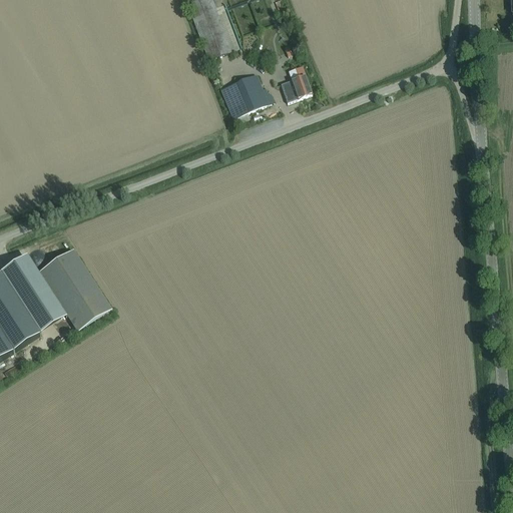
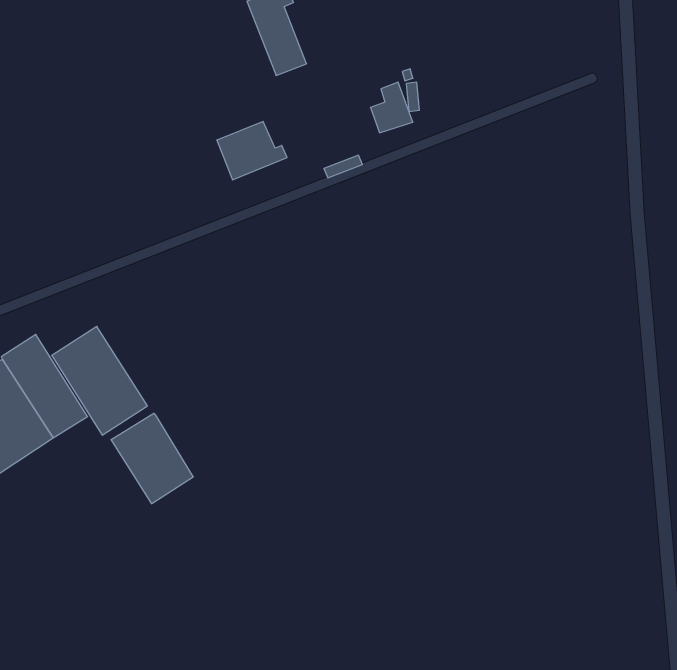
building: [220,72,274,116] -> [217,122,287,180]
building: none -> [111,413,193,504]

